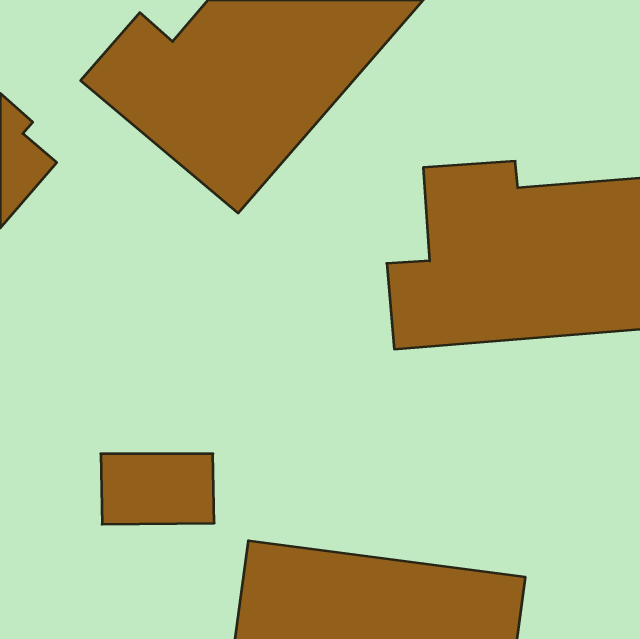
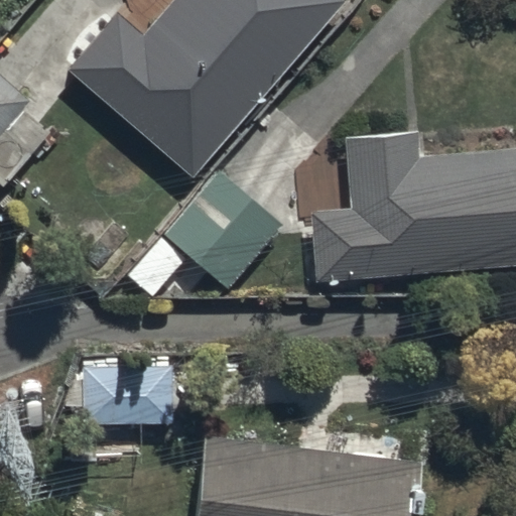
building: none -> [129,170,281,298]

